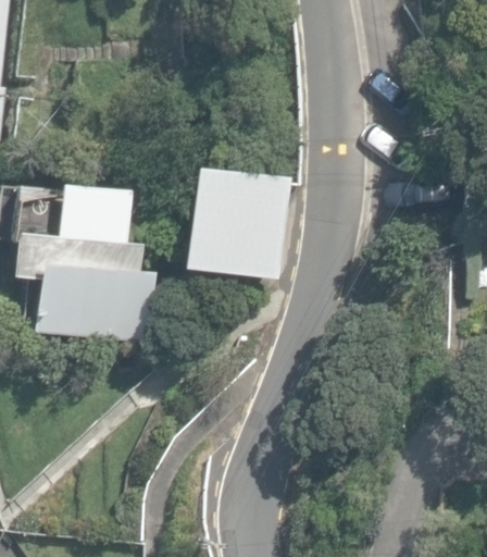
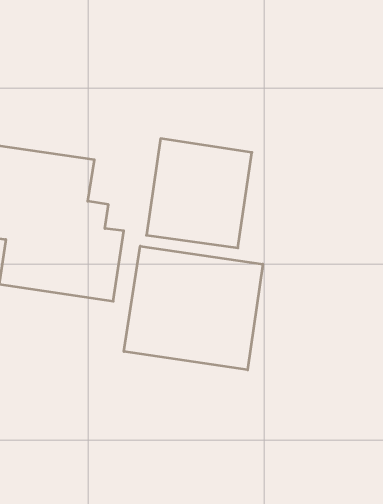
building: none -> [124,246,263,370]

